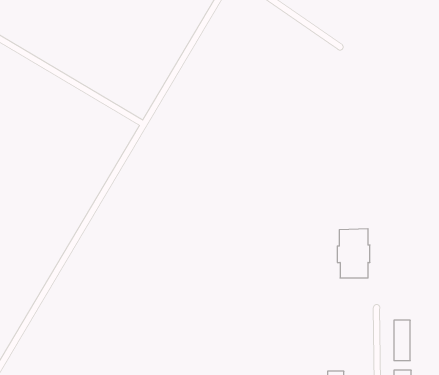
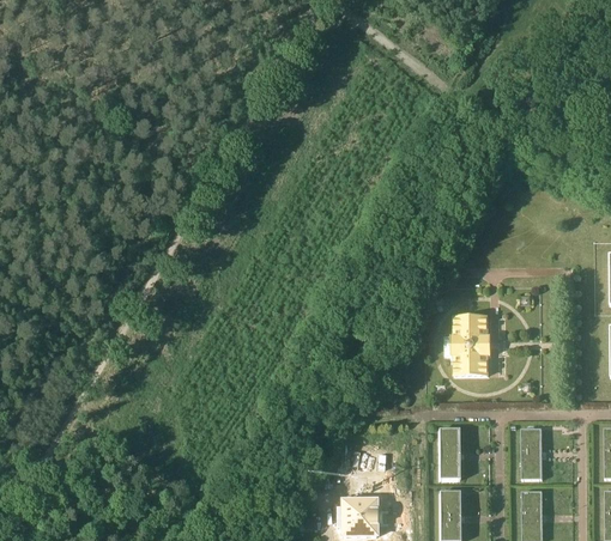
building: none -> [440,427,460,479]

